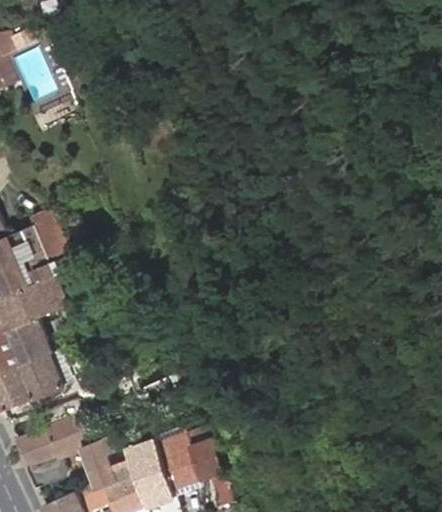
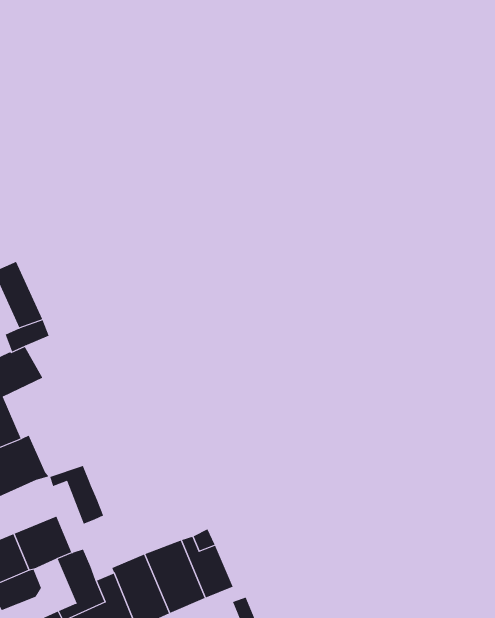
building: none -> [49,465,104,525]

